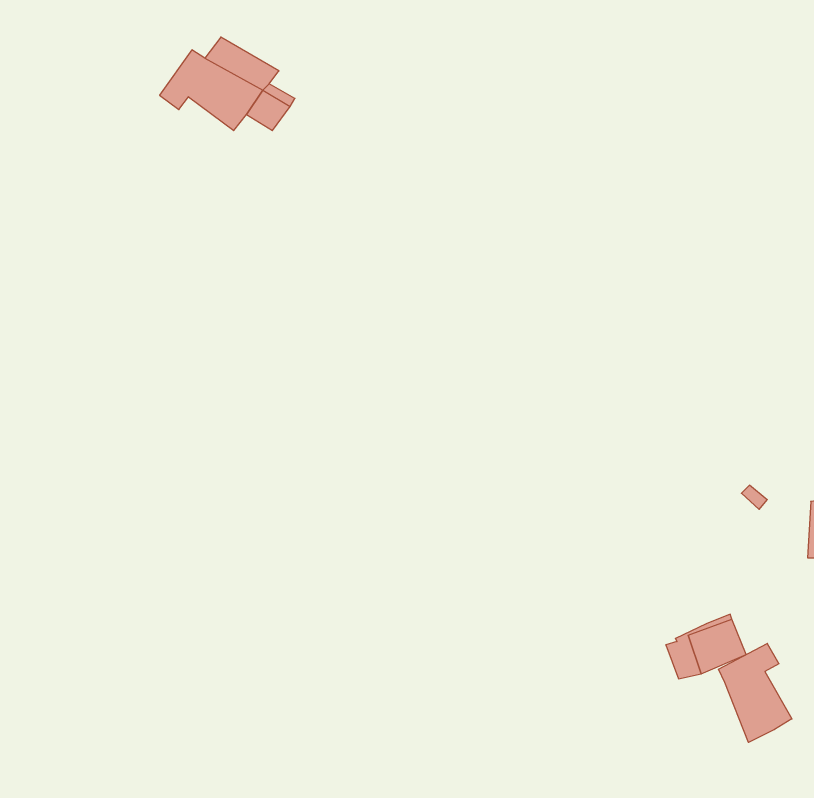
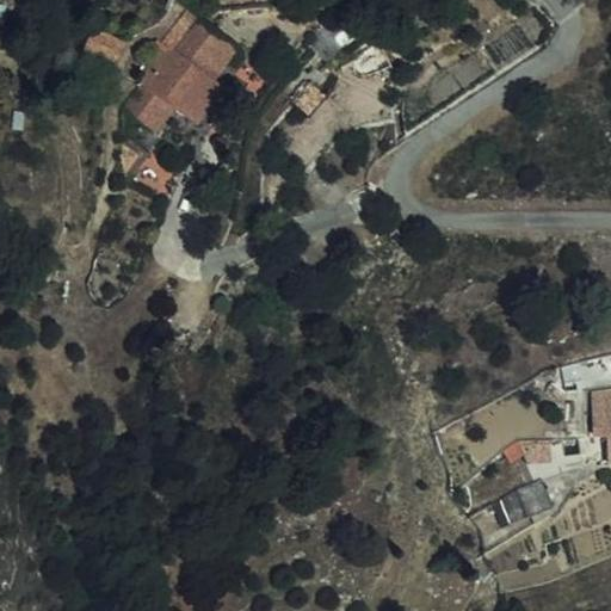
building: none -> [171,26,224,72]
building: [719,643,792,742] -> none

